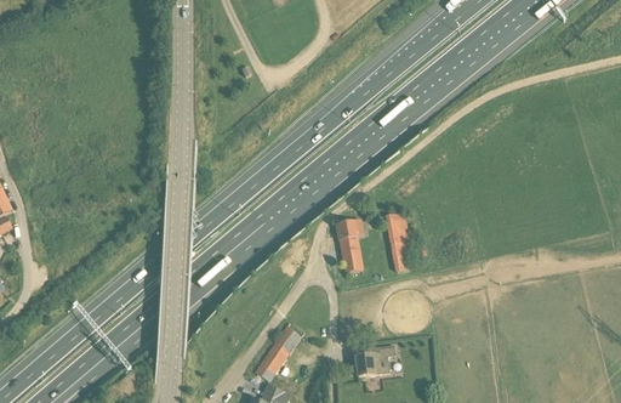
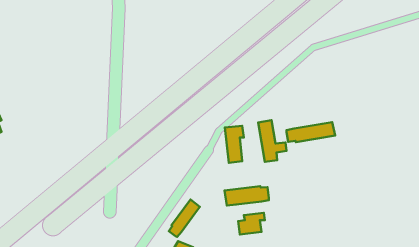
building: none -> [286,122,335,142]
building: none -> [224,186,269,206]

